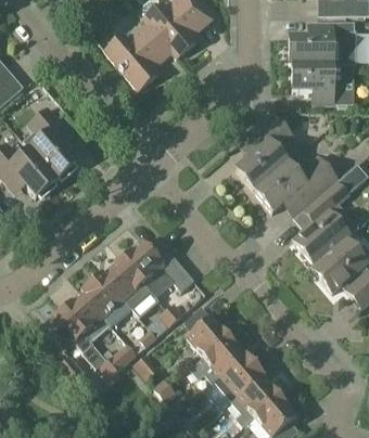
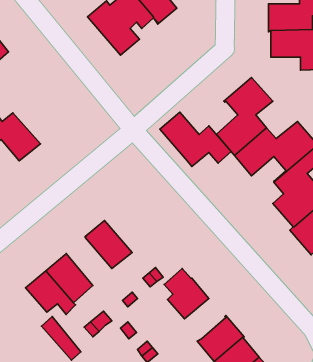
building: [29,107,77,179] -> none
building: [123,240,195,295] -> [160,112,231,166]
building: [81,272,130,323] -> none
building: [204,336,246,377] -> none

